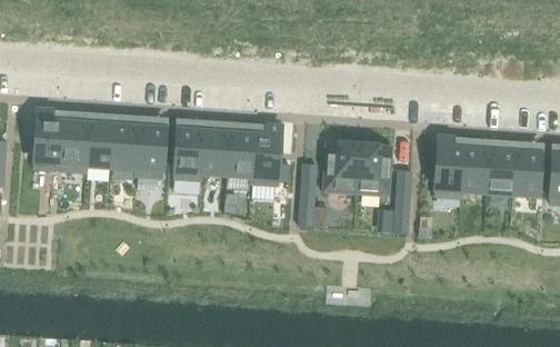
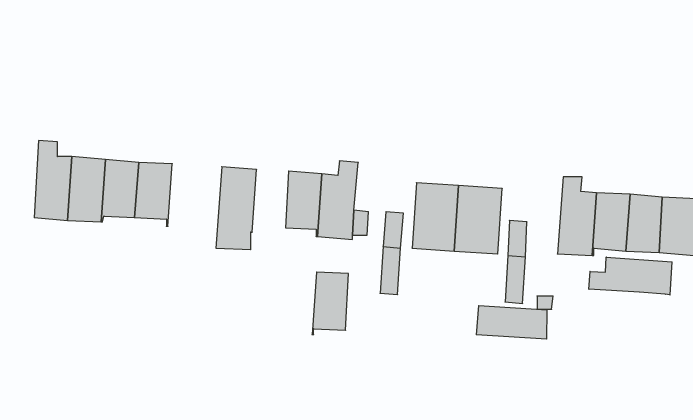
building: [137,126,166,176] -> none
building: [201,130,229,178] -> [312,272,348,335]
building: none -> [589,257,672,295]
building: none -> [476,306,547,339]

